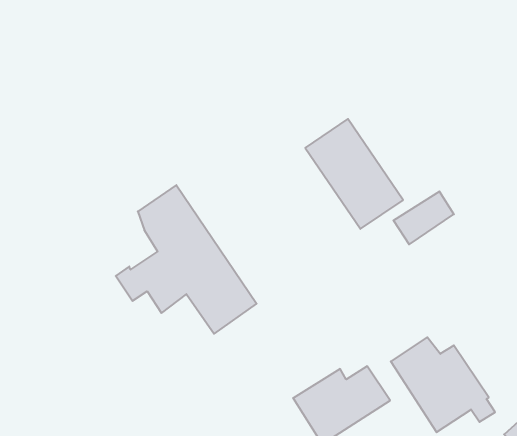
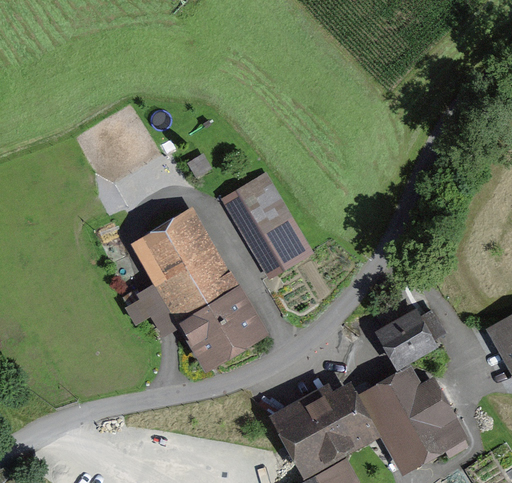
building: [305,119,403,229] -> [221,174,308,276]
building: [393,191,454,244] -> [386,310,442,357]

